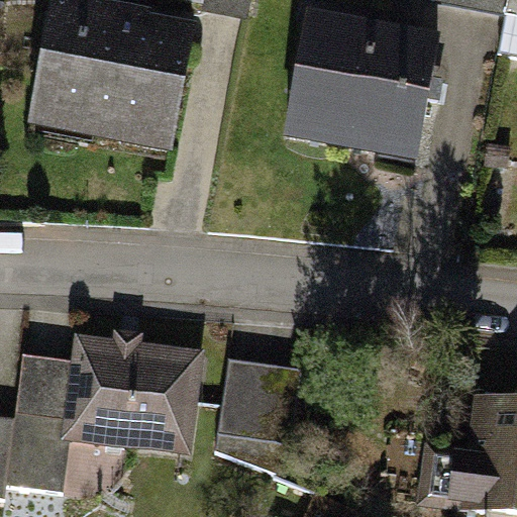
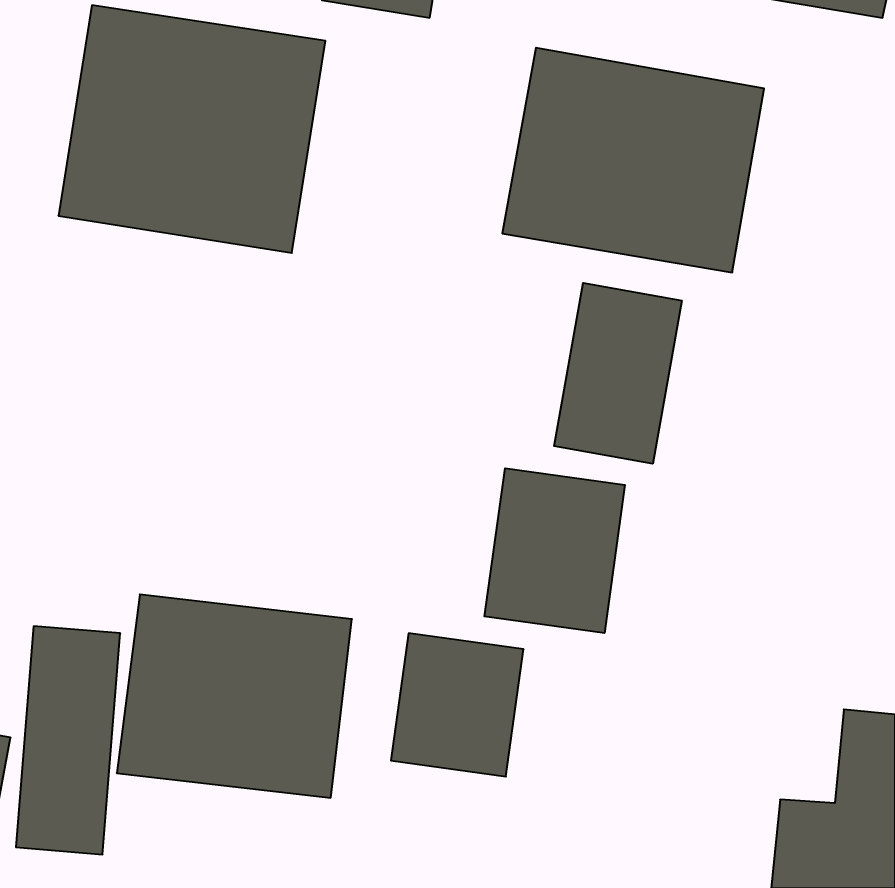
building: none -> [554,283,682,464]
building: none -> [484,468,625,633]

